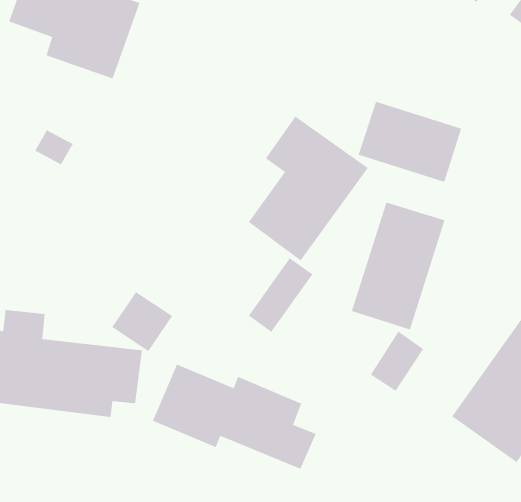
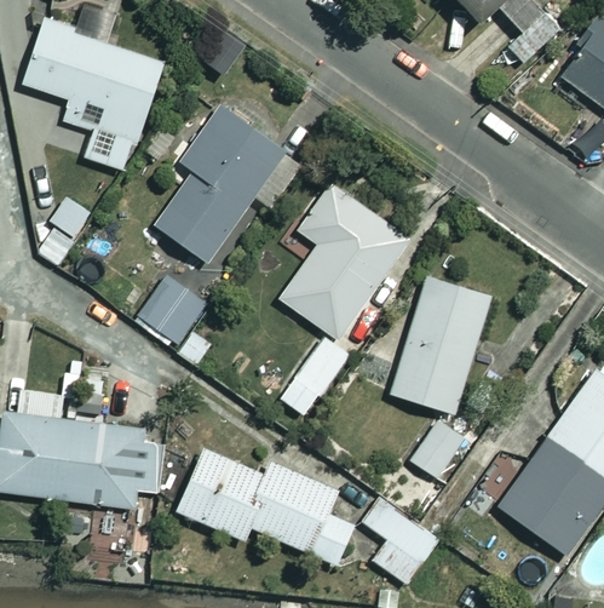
building: none -> [155,105,291,262]
building: [358,101,462,183] -> none
building: [111,291,173,352] -> [138,277,205,343]
building: none -> [362,499,437,585]

